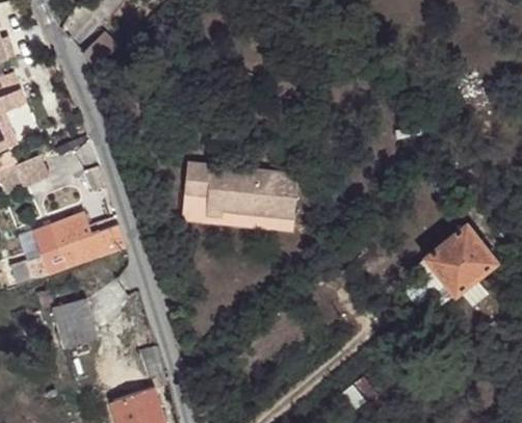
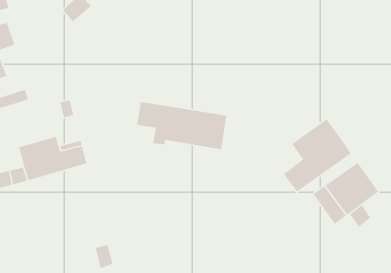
building: none -> [283,119,352,192]
building: [182,194,294,232] -> none
building: [54,298,97,345] -> none

